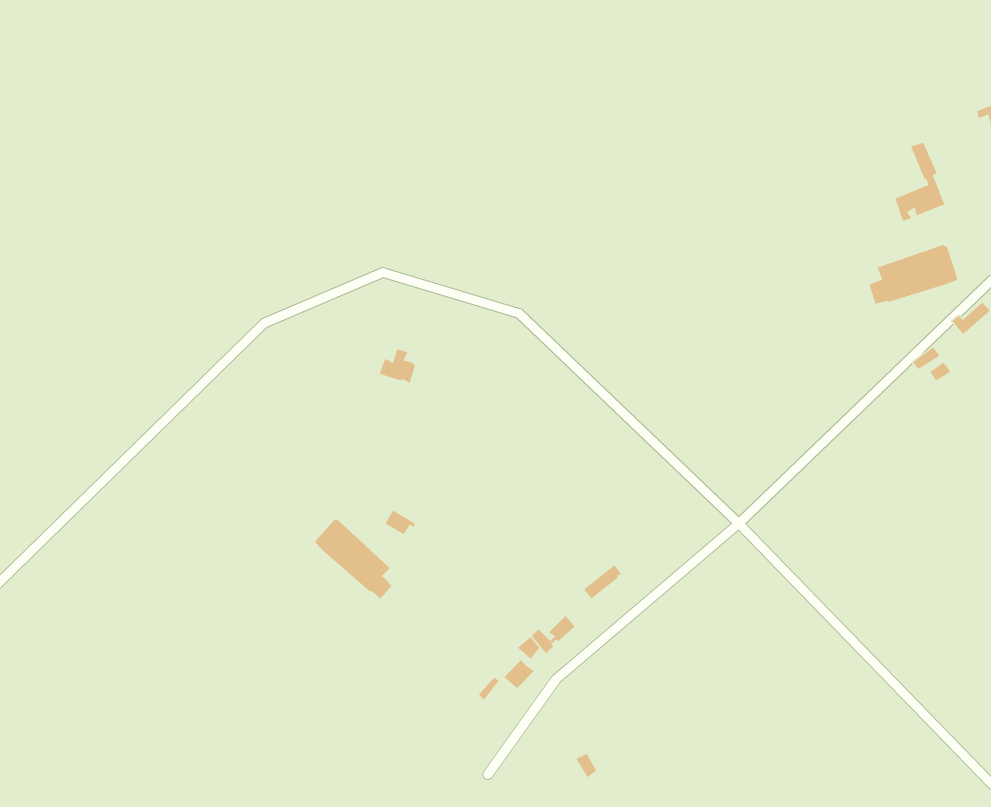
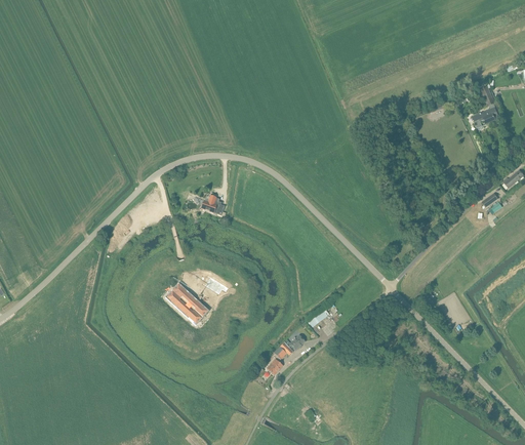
building: [869,244,958,304] -> none

